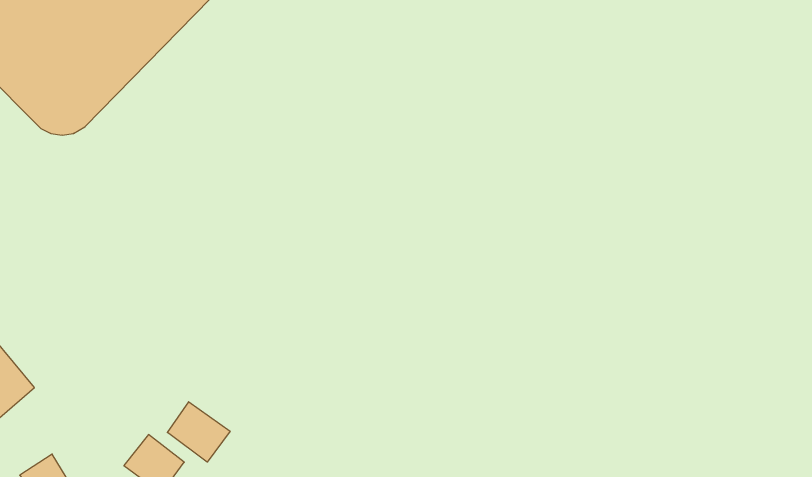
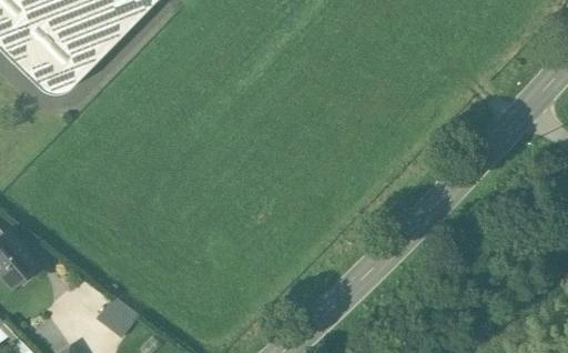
building: [167,402,230,462] -> none

